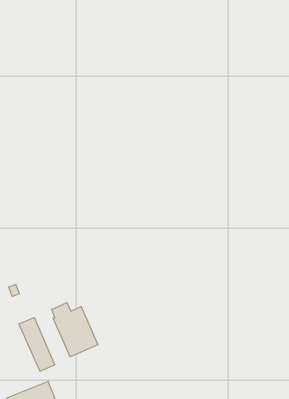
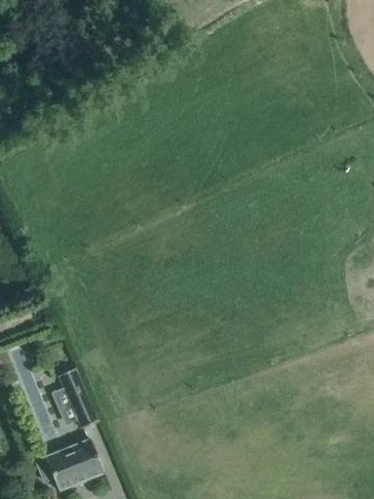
building: [52,303,98,357] -> none

